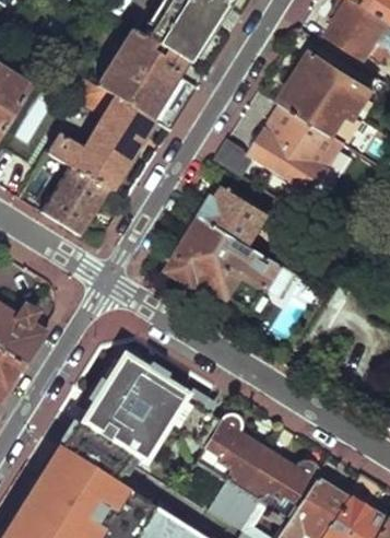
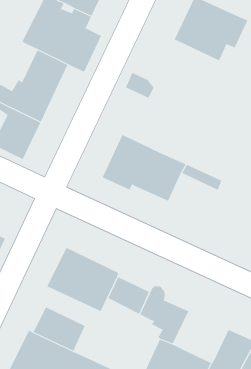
building: [255,105,347,196] -> none
building: [210,195,268,246] -> none
building: [74,399,153,460] -> none
building: [239,452,311,513] -> none

